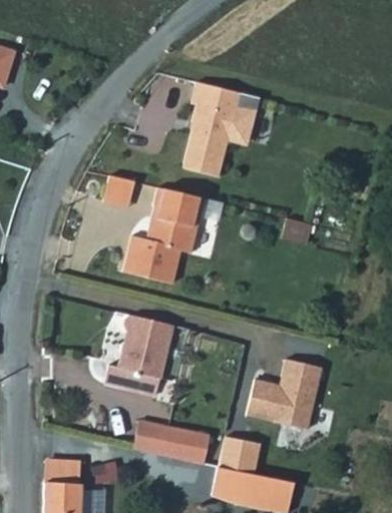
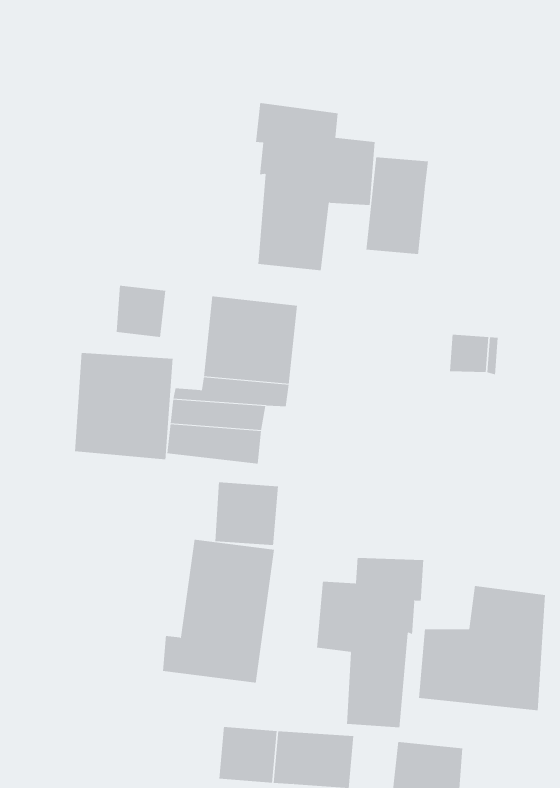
building: none -> [366,157,428,255]
building: none -> [74,352,173,460]
building: none -> [215,481,279,546]
building: none -> [316,557,424,728]

